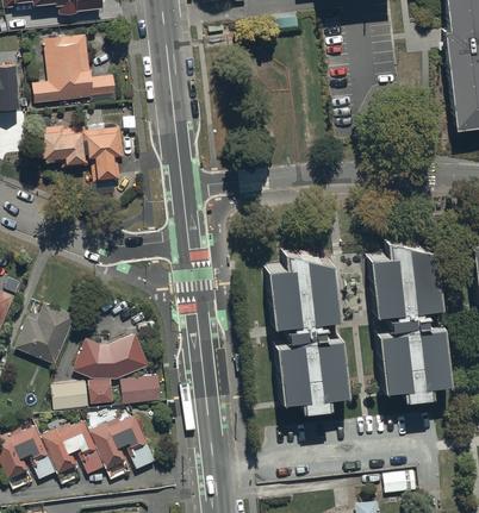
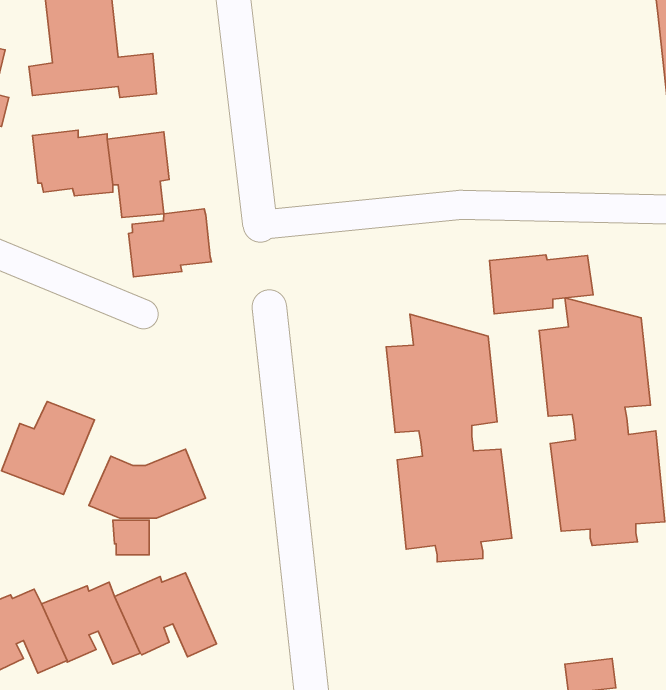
building: none -> [129,209,211,277]
building: none -> [490,255,593,314]
building: [120,375,160,402] -> none
building: [52,381,88,409] -> none

